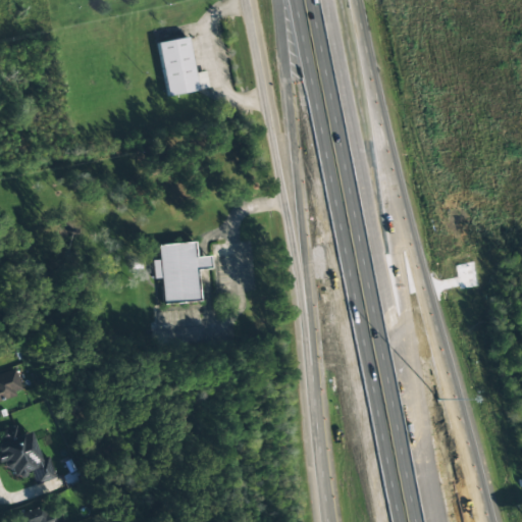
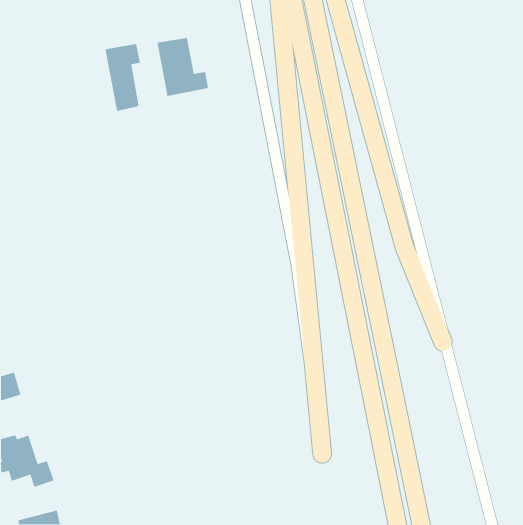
building: none -> [105,43,141,112]
building: [154,242,212,304] -> none

